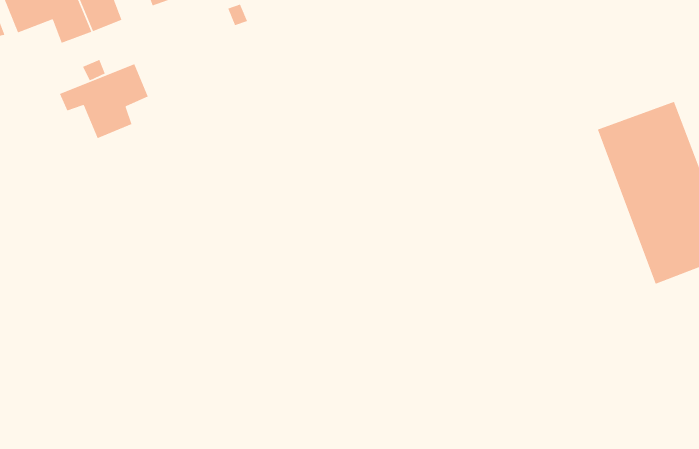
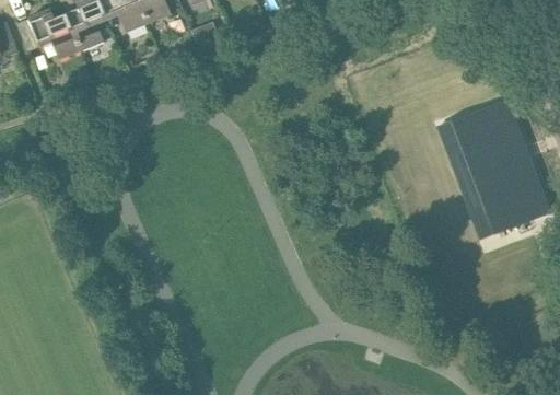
building: [59,63,149,139] -> none

